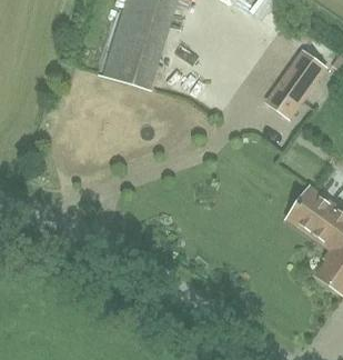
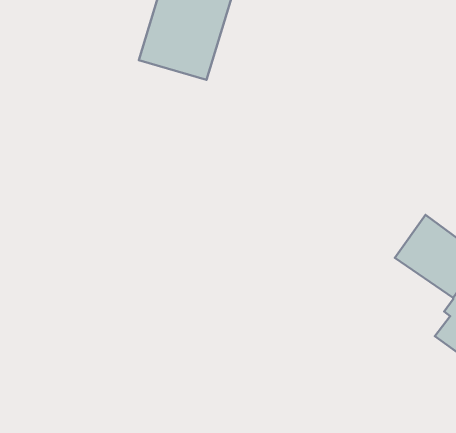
building: [268,51,325,118] -> none

